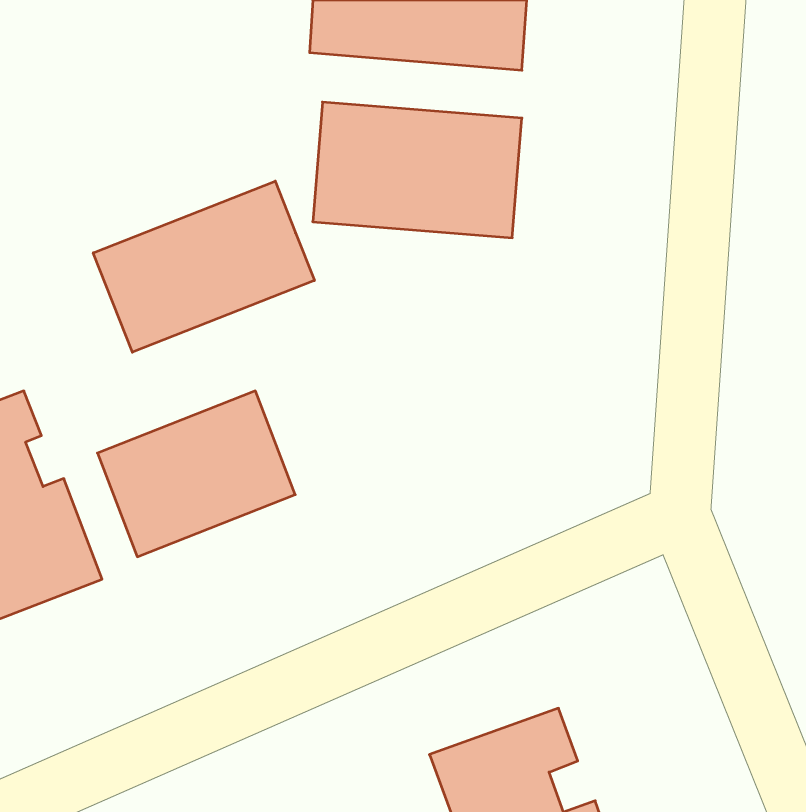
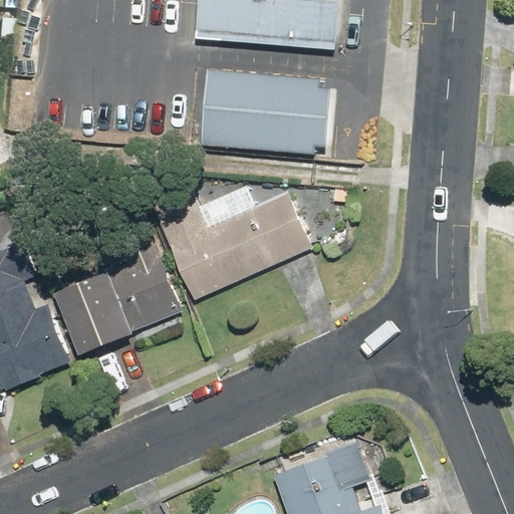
building: [93,181,314,352] -> none
building: none -> [167,194,315,300]

